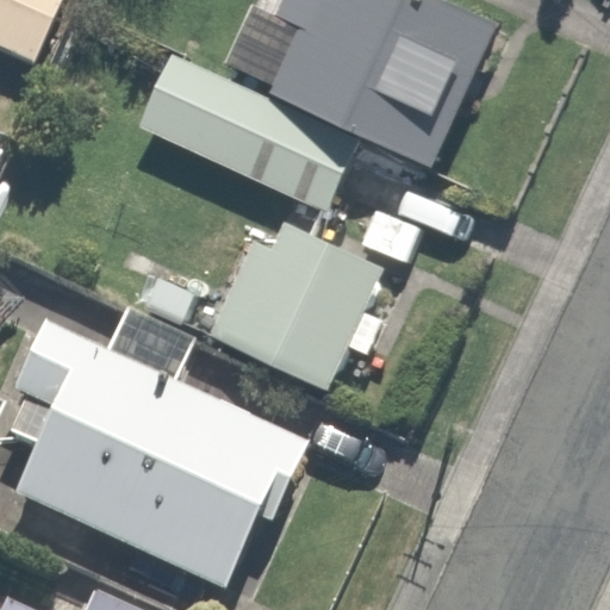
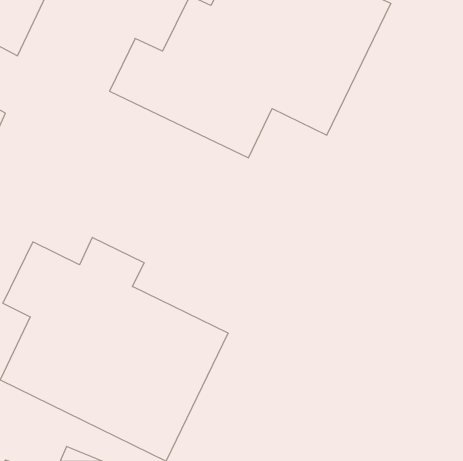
building: [208,212,400,404] -> none

